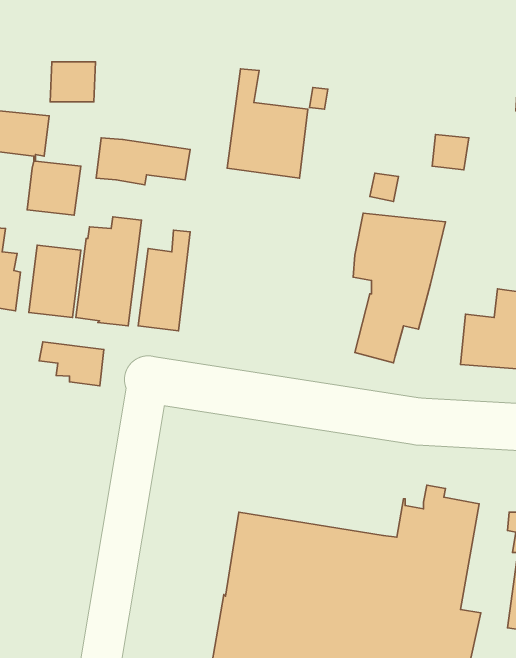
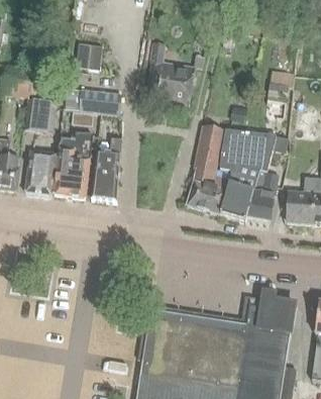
building: [50,62,95,102] -> [79,42,106,67]
building: none -> [187,124,230,213]
building: none -> [245,172,279,217]
building: [39,342,104,386] -> none

